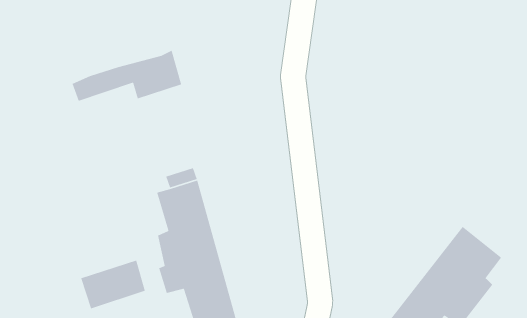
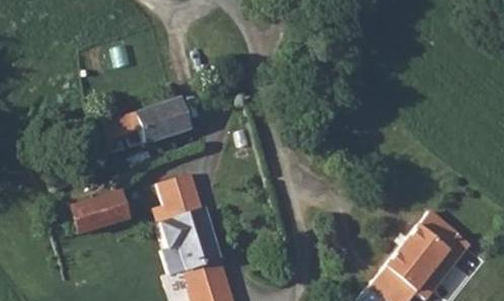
building: [71,50,182,102] -> [91,95,191,142]
building: [80,260,146,309] -> [67,187,126,232]

